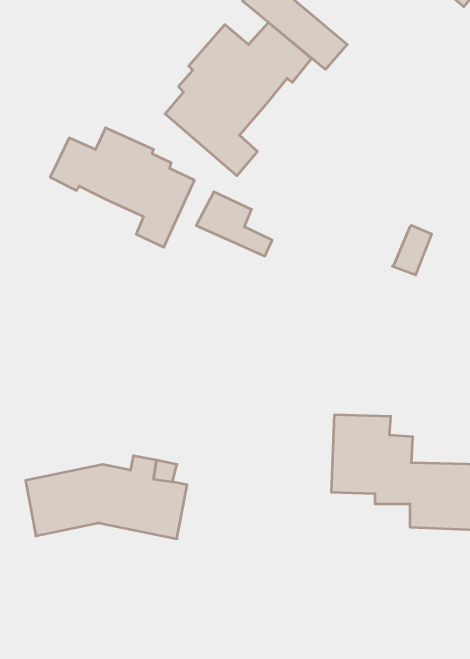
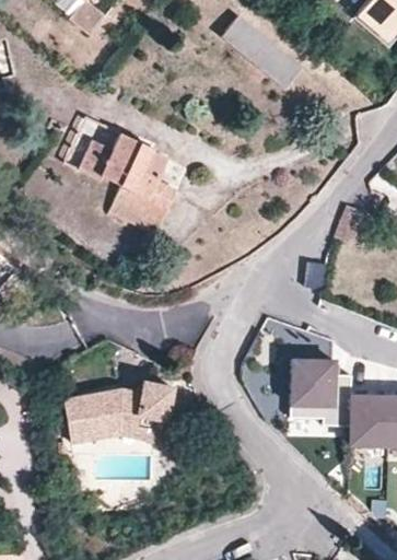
building: [165,22,312,176] -> none
building: [196,192,272,256] -> [105,190,162,238]

